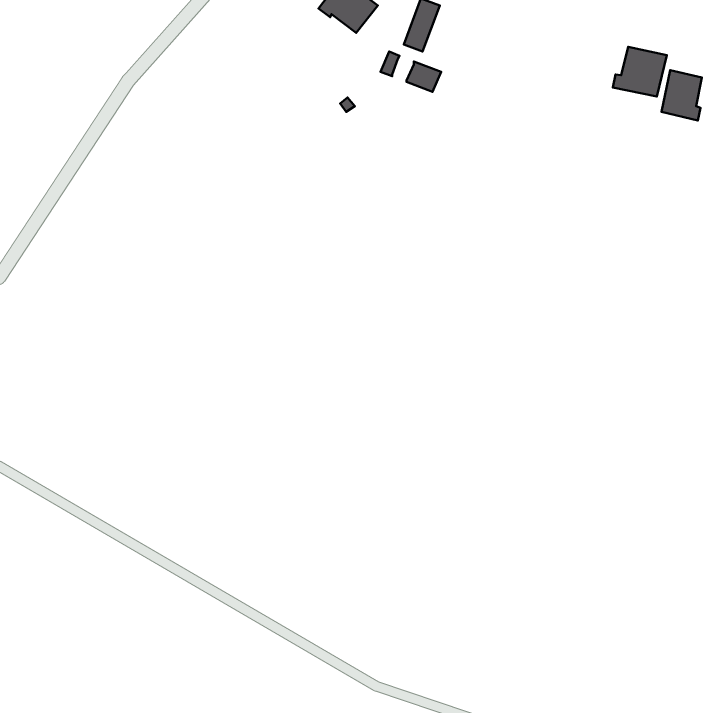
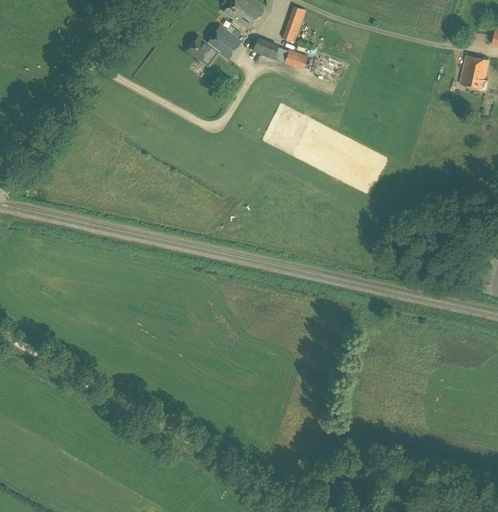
building: none -> [188,24,242,60]
building: [613,47,667,97] -> none

